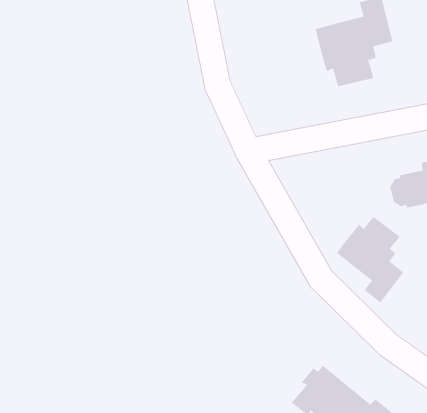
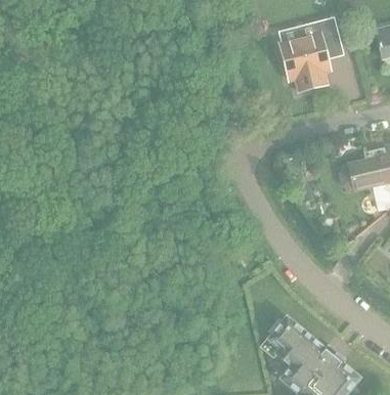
building: [336,216,404,303] -> none

